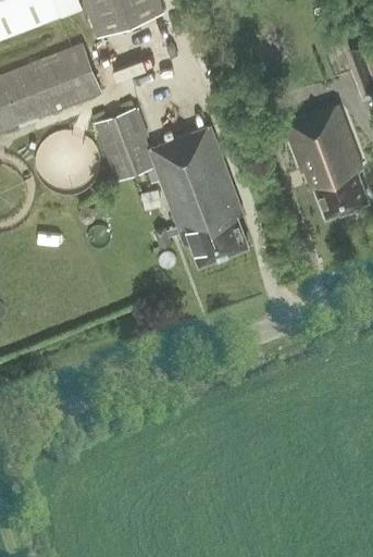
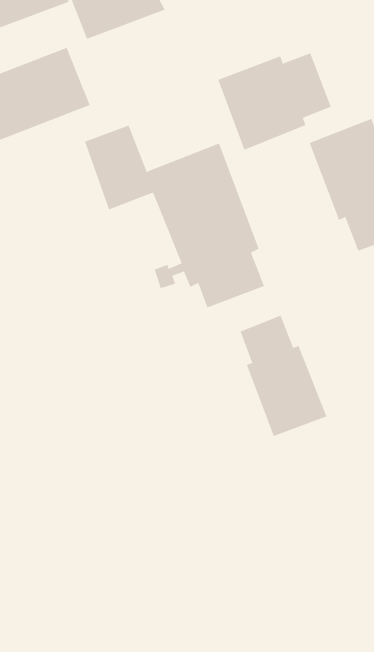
building: none -> [218,53,332,150]
building: none -> [240,315,327,437]

